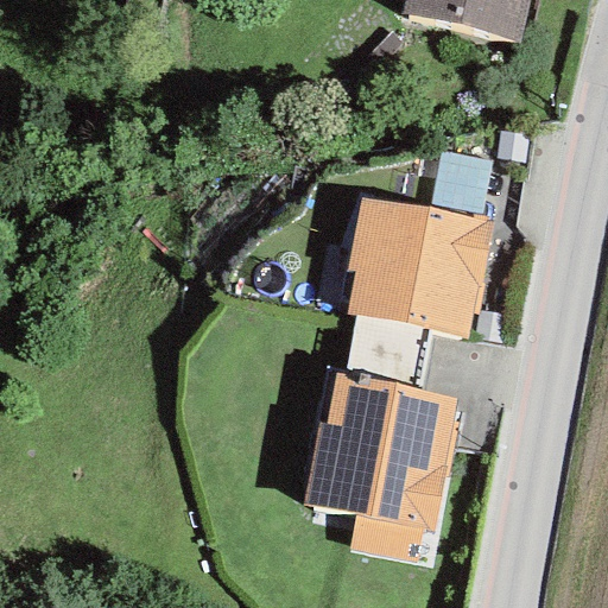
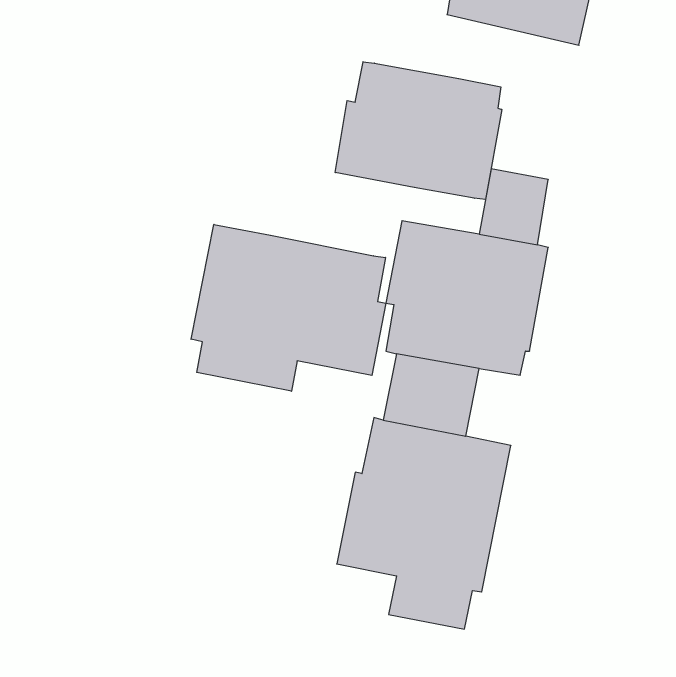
building: none -> [335,62,502,200]
building: none -> [191,224,386,391]

